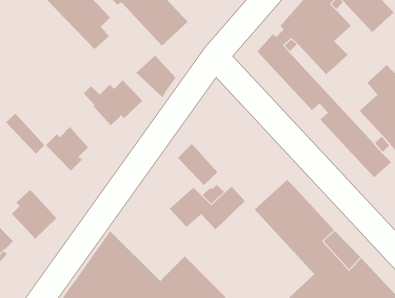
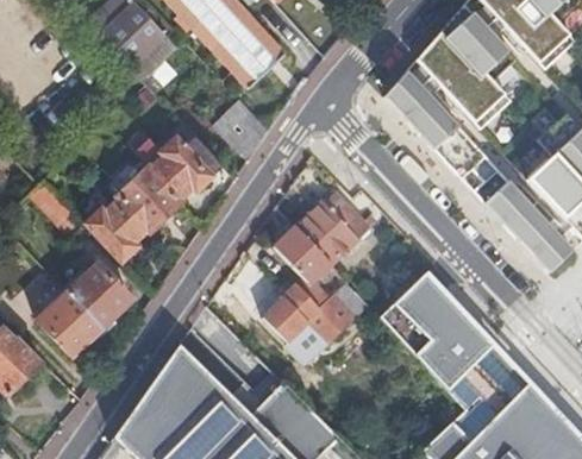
building: none -> [114,162,182,231]
building: none -> [293,188,375,263]
building: none -> [71,263,134,327]

